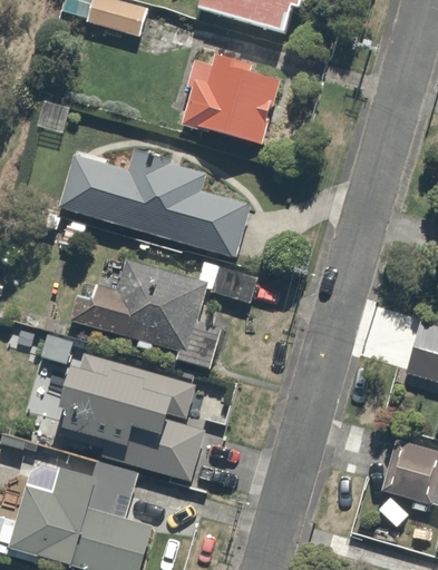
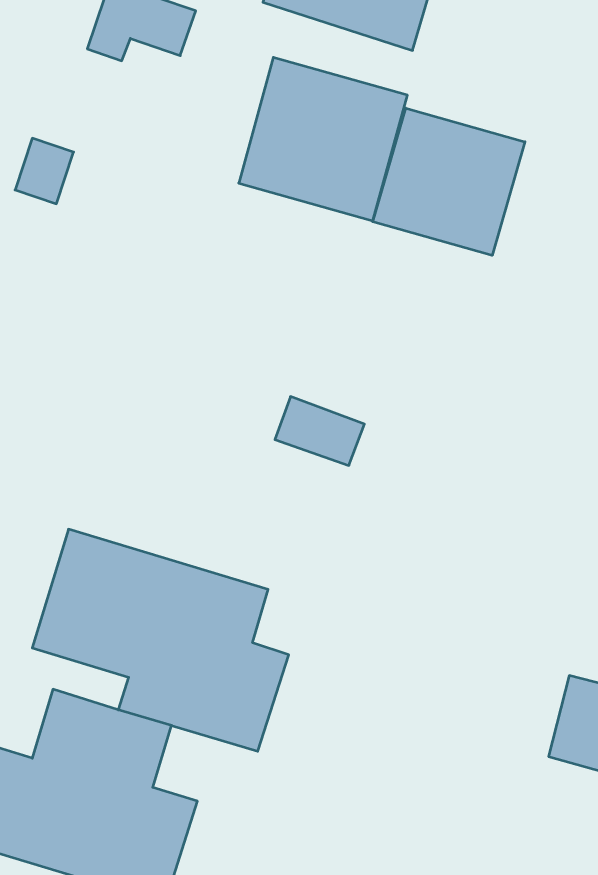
building: none -> [373,108,525,255]
building: [56,149,260,261] -> none
building: [62,257,216,368] -> none

